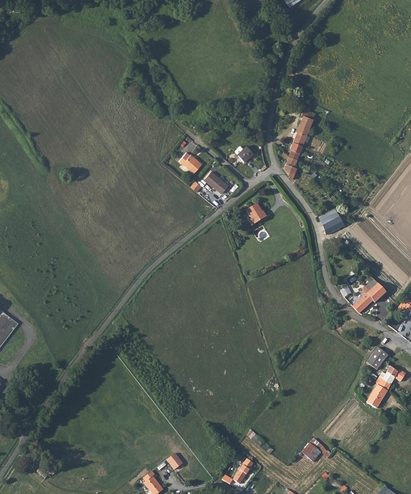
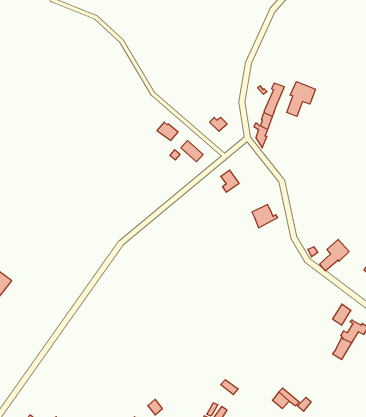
building: none -> [287,82,316,116]
building: [319,209,347,234] -> [252,205,278,228]

